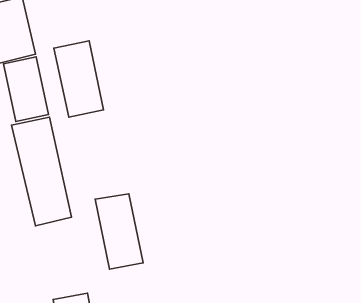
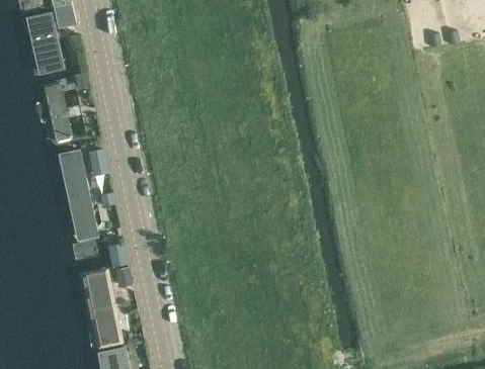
building: [54,41,104,117] -> none
building: [95,194,143,269] -> [76,261,131,347]

